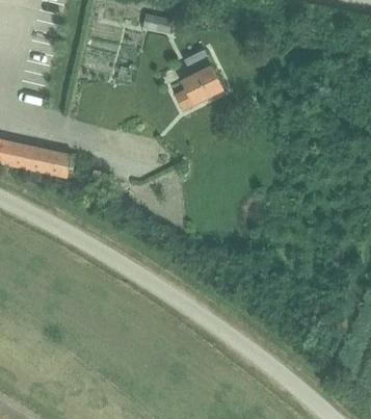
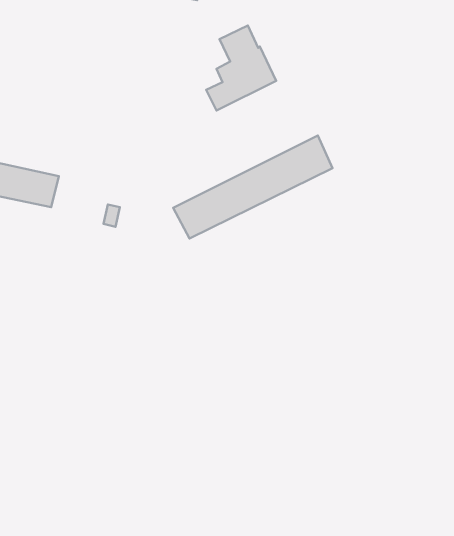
building: none -> [173,136,333,239]

